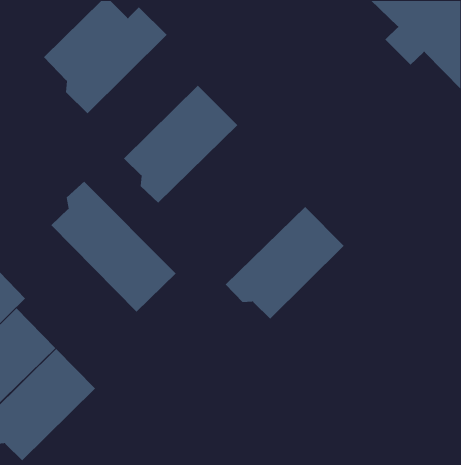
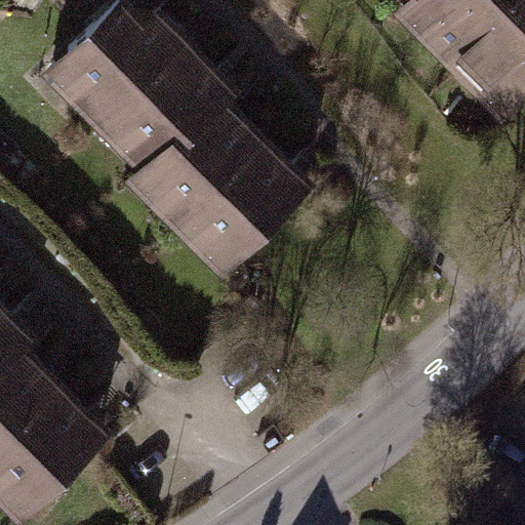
building: none -> [97,45,231,172]
building: [51,181,176,312] -> none
building: [225,206,345,320] -> [176,146,310,272]

